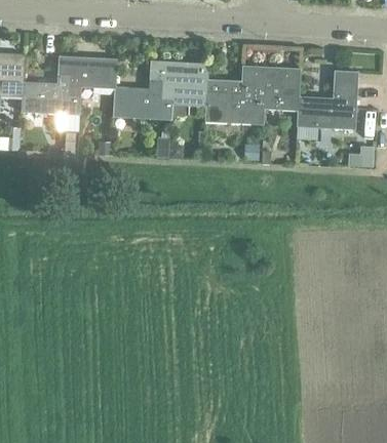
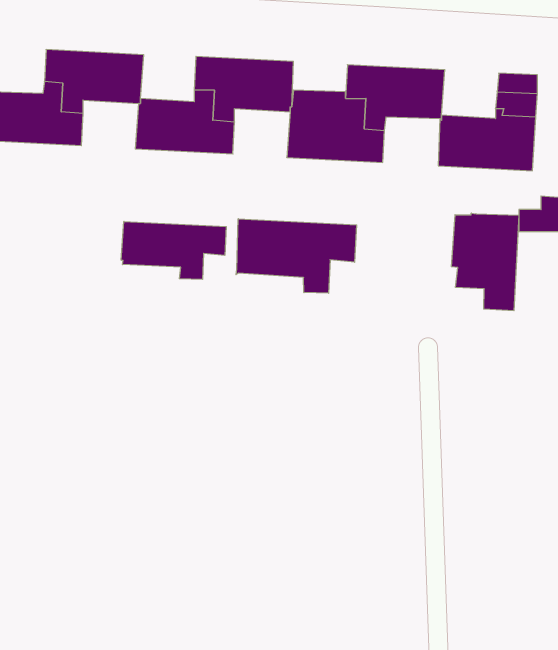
building: none -> [451,213,519,311]
building: none -> [236,219,357,293]
building: none -> [121,221,226,279]

